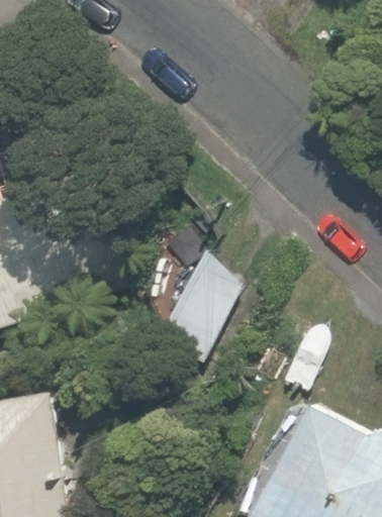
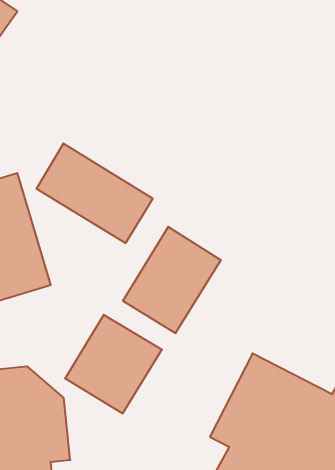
building: none -> [37,143,153,243]
building: none -> [65,315,162,414]

